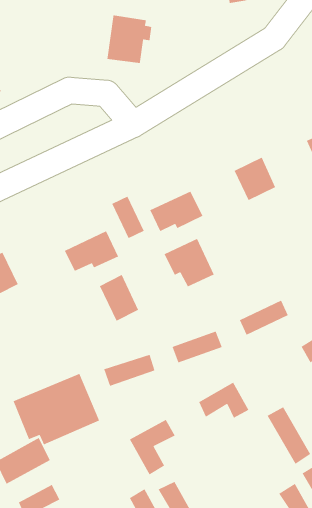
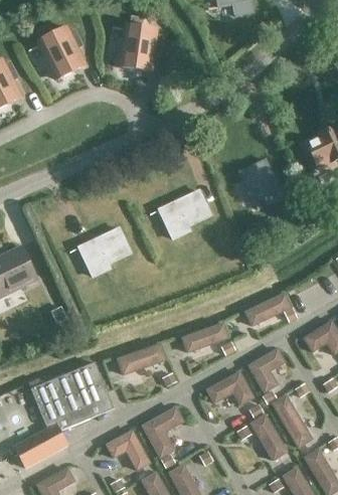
building: none -> [37,26,85,78]
building: [111,196,145,239] -> none
building: [163,238,215,288] -> none
building: [99,274,139,322] -> none
building: none -> [246,347,286,394]
building: none -> [249,414,287,461]
building: none -> [105,429,150,471]

